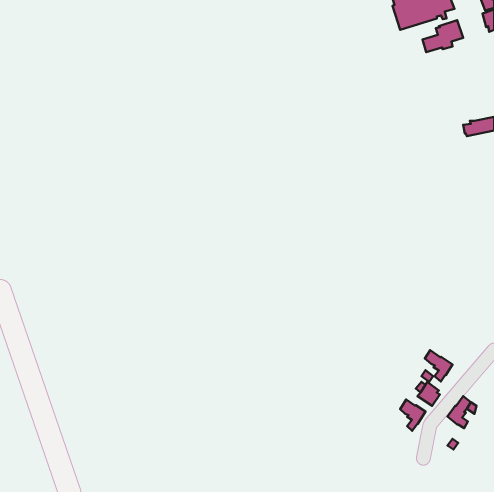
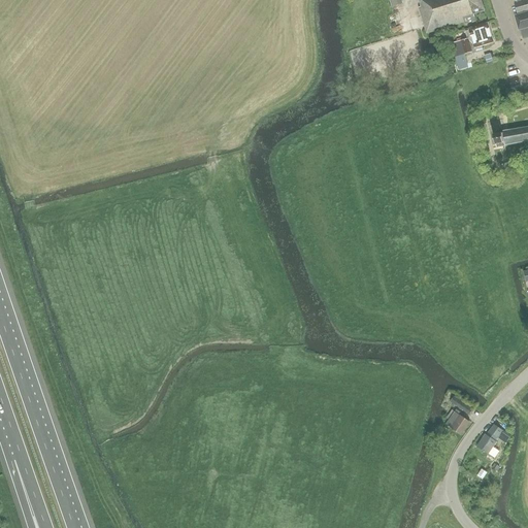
building: [425,350,452,381] -> none
building: [400,400,425,431] -> none

